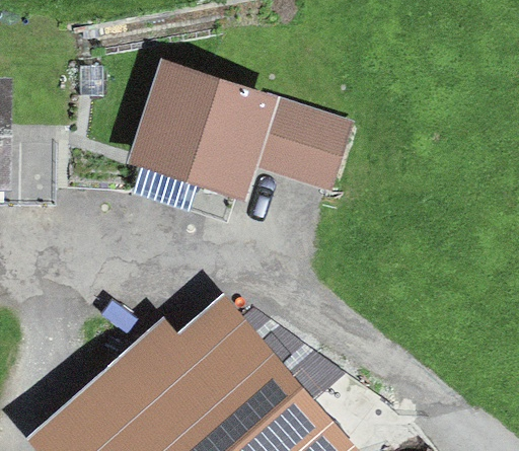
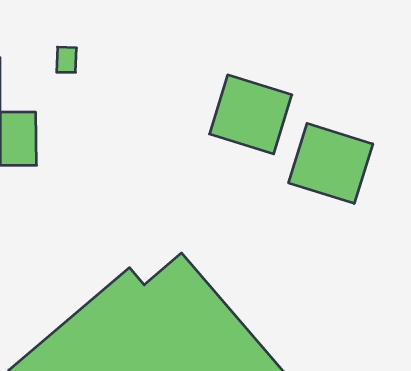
building: [125,59,278,203] -> none
building: none -> [289,123,373,204]

